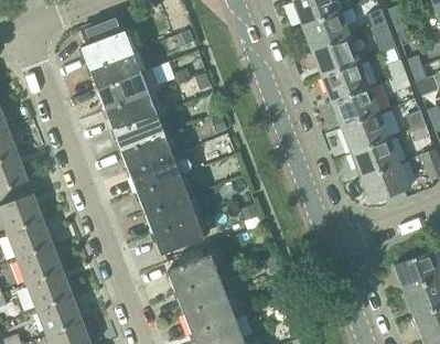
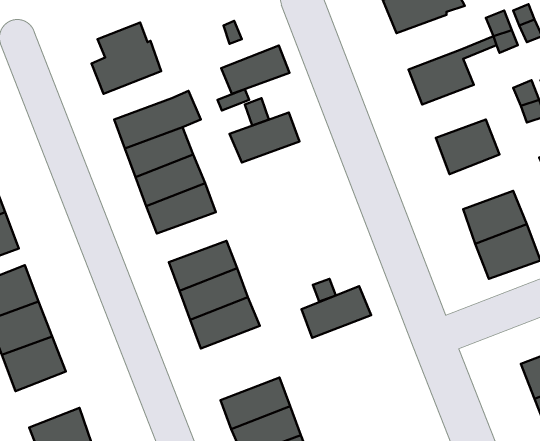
building: [303,12,350,52] -> none
building: [90,53,140,88] -> [221,45,289,94]
building: [322,63,368,101] -> none
building: [342,114,388,153] -> none
building: [129,155,180,192] -> [230,113,299,163]
building: [168,255,218,292] -> [301,286,371,338]
building: [26,271,73,312] -> none

